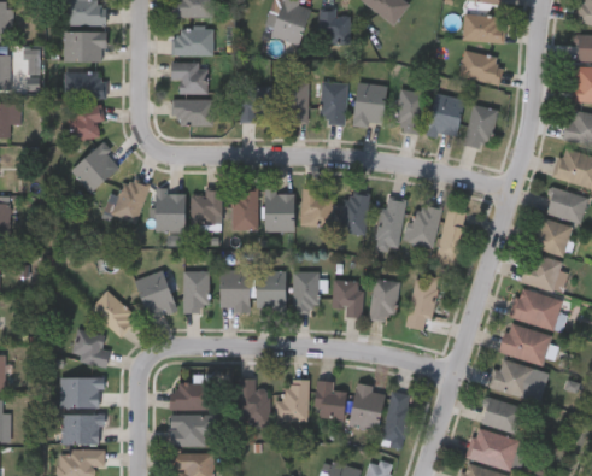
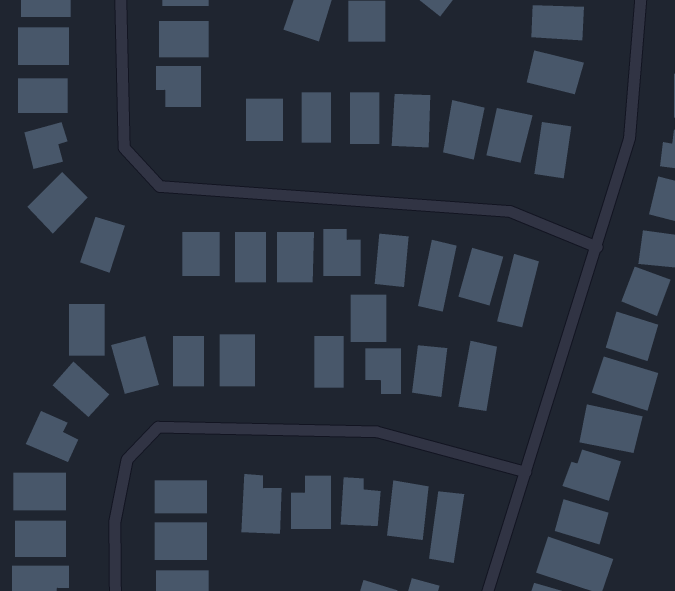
building: [174,100,213,125] -> none
building: [156,190,184,231] -> [68,303,105,356]
building: [257,270,286,307] -> [350,294,387,342]

